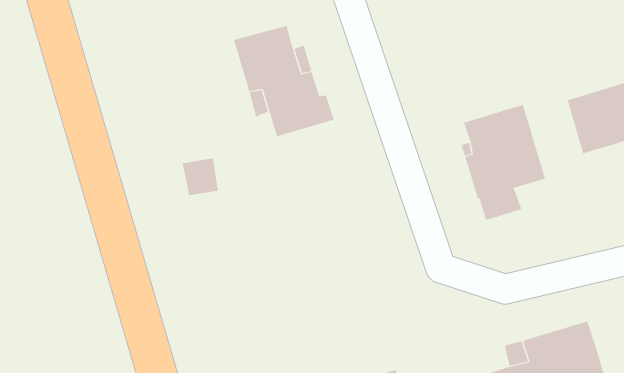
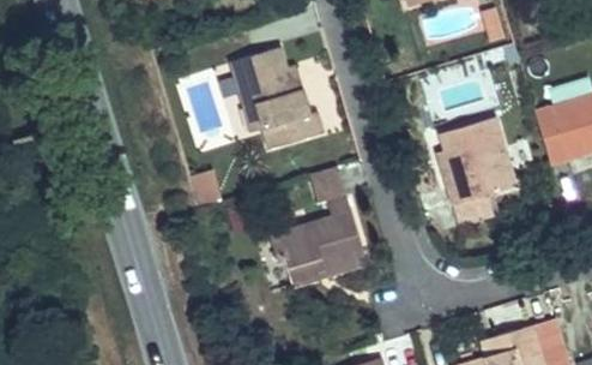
building: none -> [272,166,368,283]

